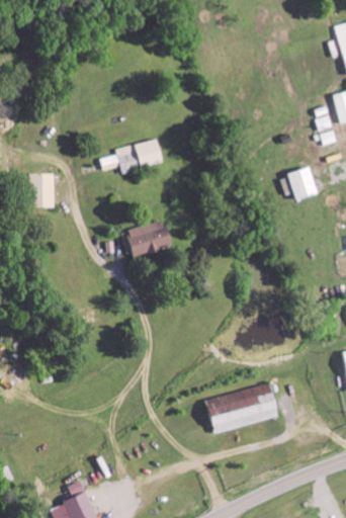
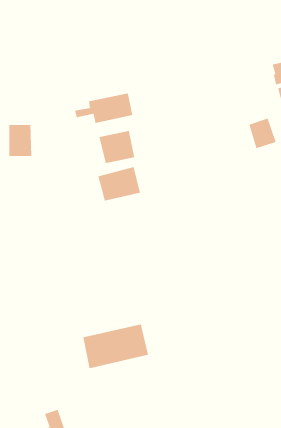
building: none -> [99,130,135,164]
building: [206,384,278,433] -> [82,324,149,369]

